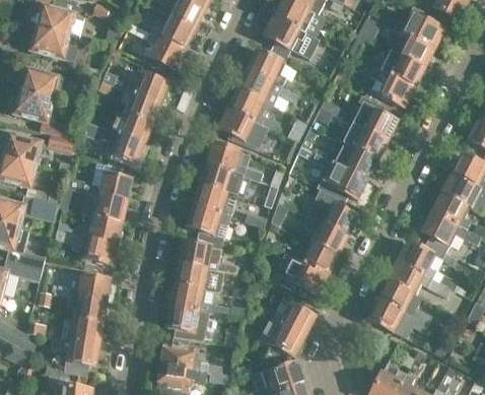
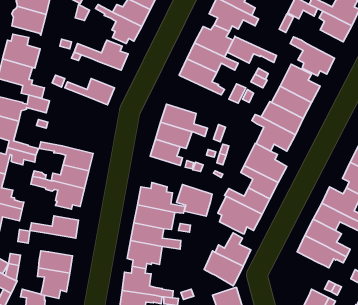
building: [380,55,424,88] -> none
building: [123,89,160,124] -> none
building: [220,109,279,141] -> [227,36,277,63]
building: [90,124,144,164] -> none
building: [65,166,131,202] -> none
building: [188,205,230,243] -> [176,185,212,216]
building: [67,297,107,324] -> none

